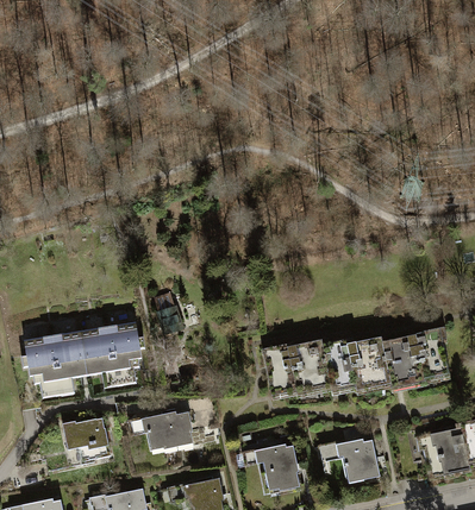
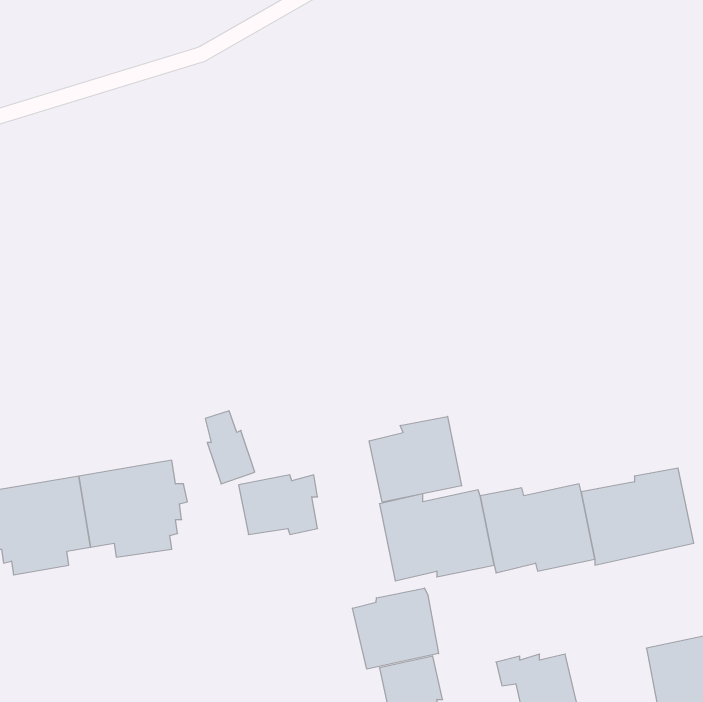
building: none -> [369,416,462,502]
building: none -> [353,588,439,669]
building: [143,411,190,447] -> [239,475,318,534]
building: [61,418,110,462] -> none

